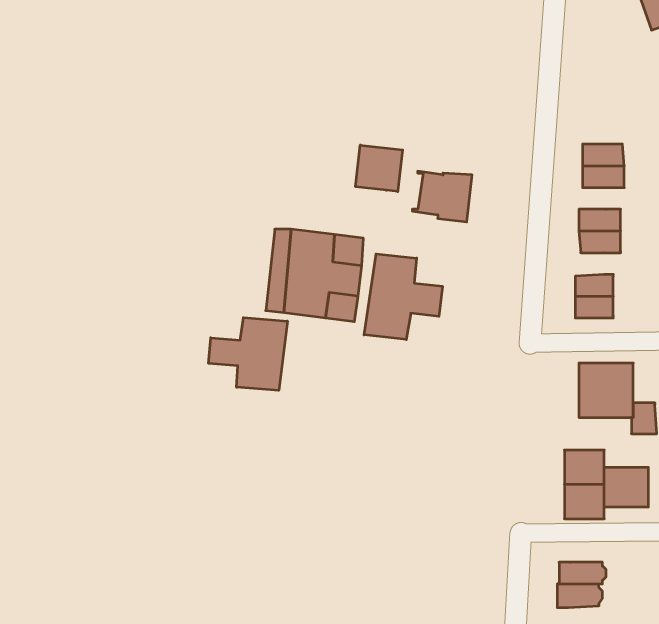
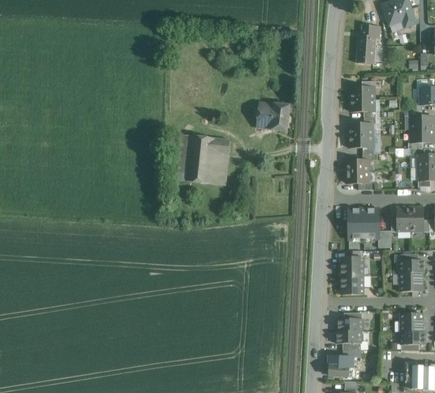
building: none -> [357,25,380,63]
building: [356,145,403,192] -> none
building: [364,254,442,340] -> none
building: [209,318,287,390] -> none
building: [604,467,648,507] -> none

